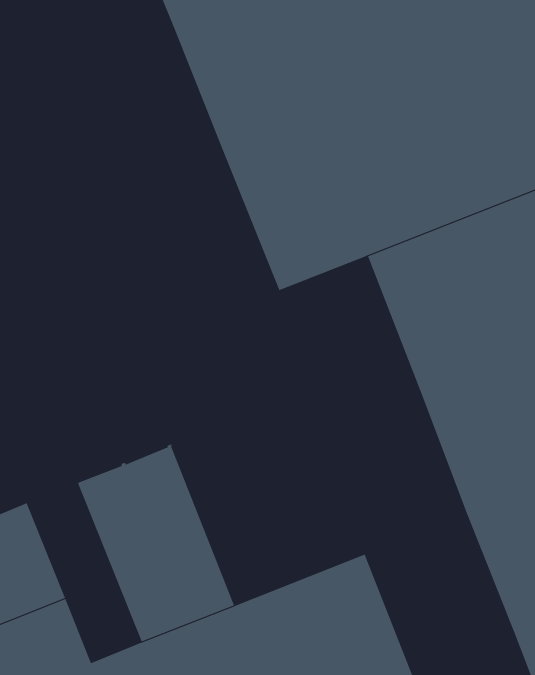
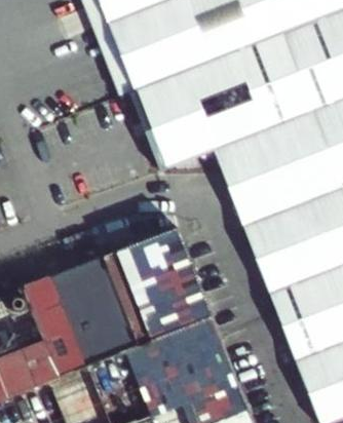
building: none -> [106,228,214,345]
building: none -> [25,276,88,377]

